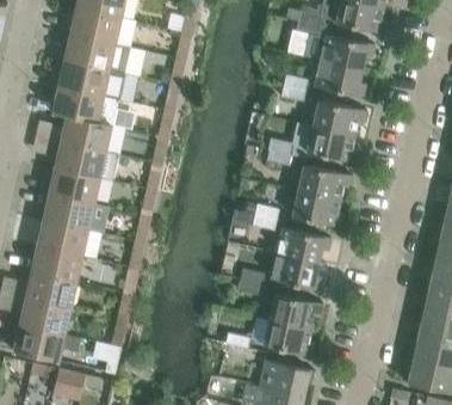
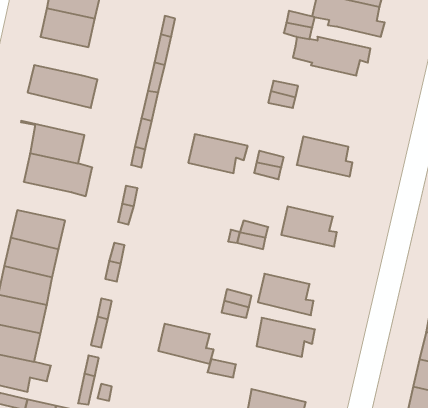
building: [64,35,129,74] -> none
building: [315,61,366,98] -> none
building: [52,86,117,125] -> none
building: [312,100,367,136] -> none
building: [298,165,353,201] -> [188,134,248,173]
building: [49,168,99,204] -> none
building: [277,228,332,263] -> none
building: [264,320,315,357] -> [158,324,214,364]

